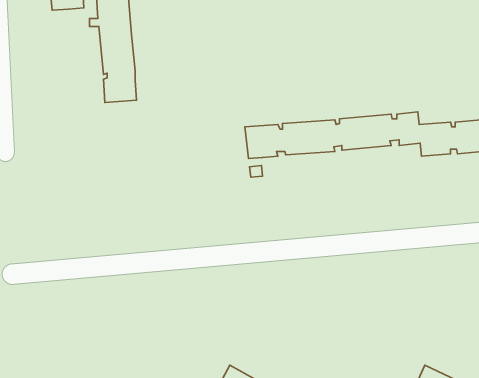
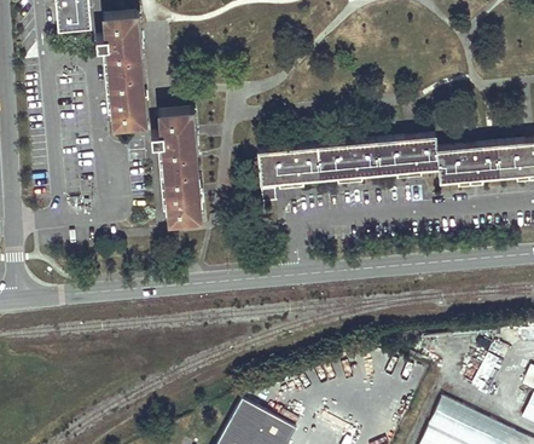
building: none -> [152,110,201,223]

